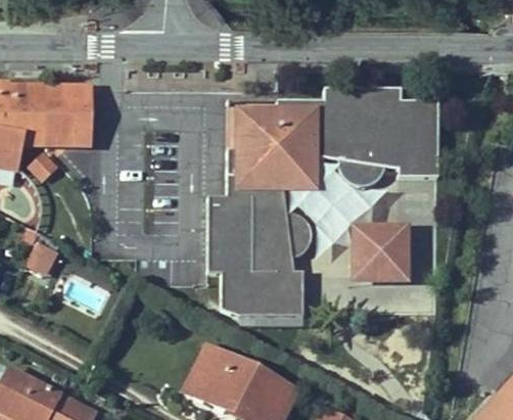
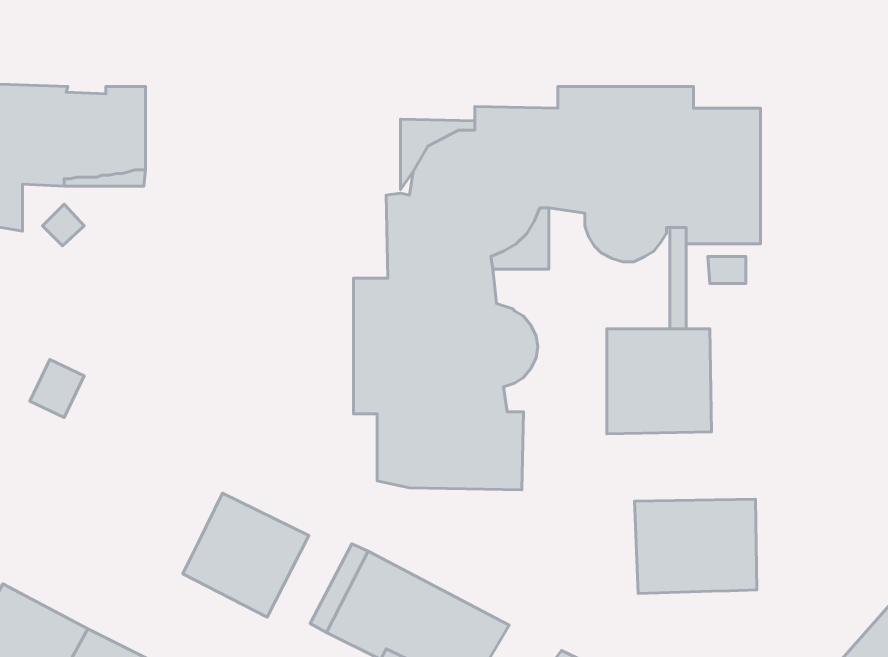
building: none -> [183,493,309,617]
building: none -> [634,499,757,593]

